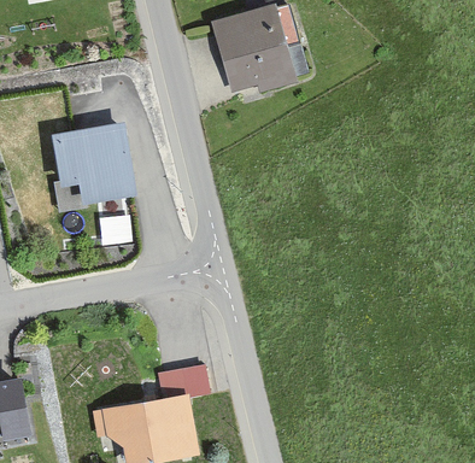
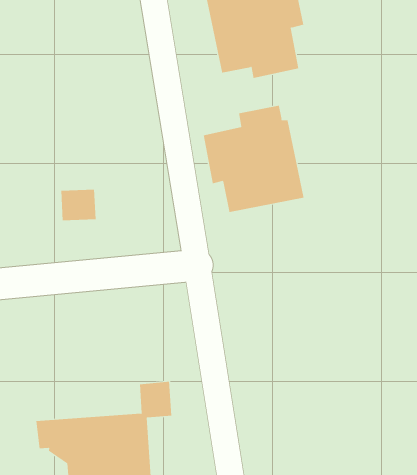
building: none -> [203,105,304,213]
building: [51,125,136,206] -> none

